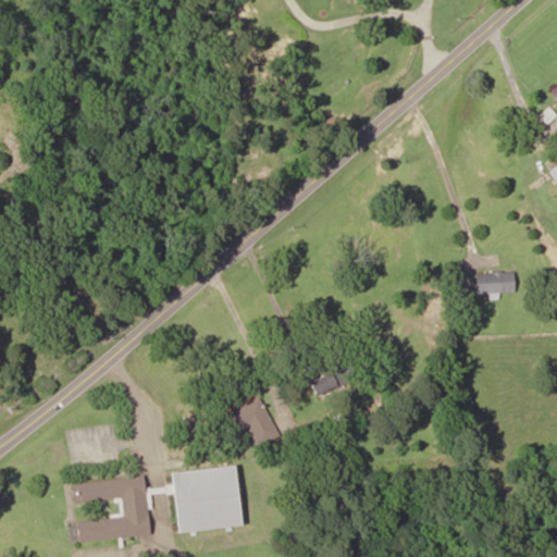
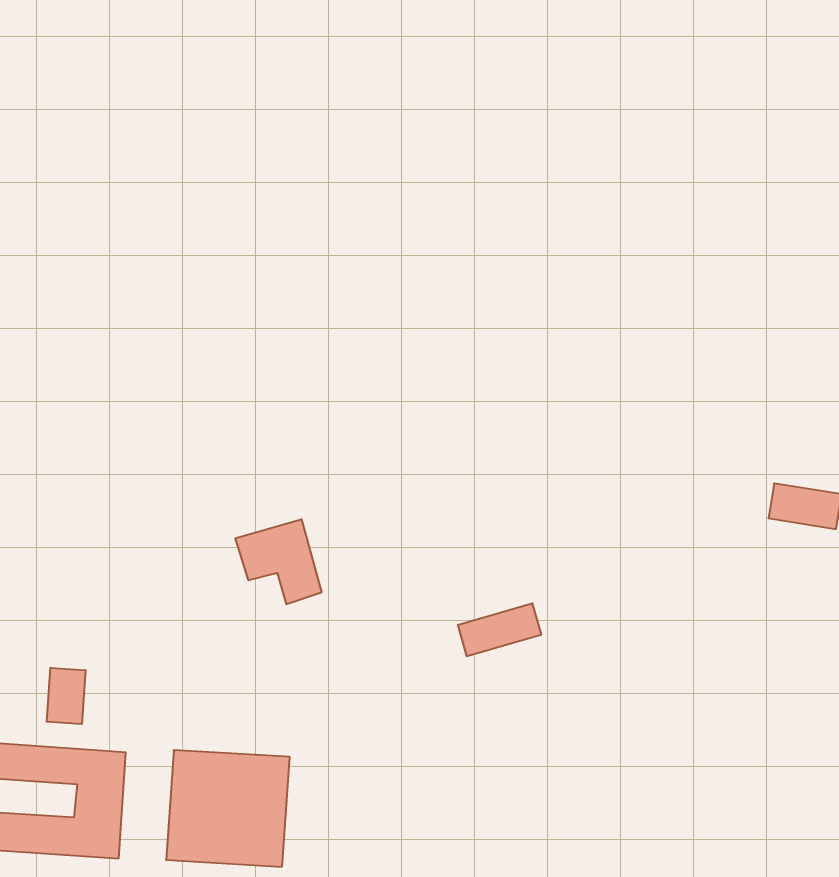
building: [226,398,278,446] -> [235,519,322,604]
building: none -> [47,668,86,724]

